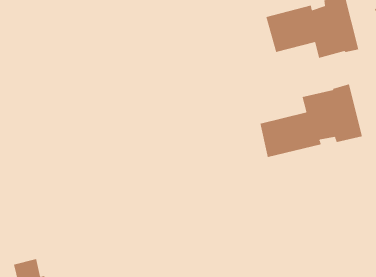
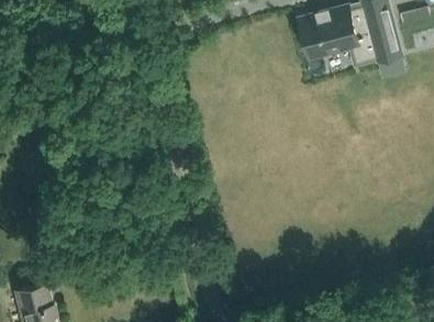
building: [260,84,363,158] -> none

